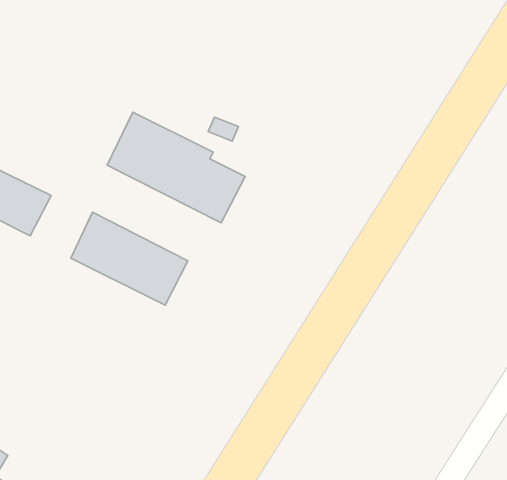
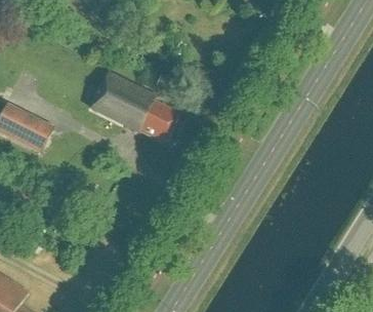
building: [71,212,188,305] -> none

